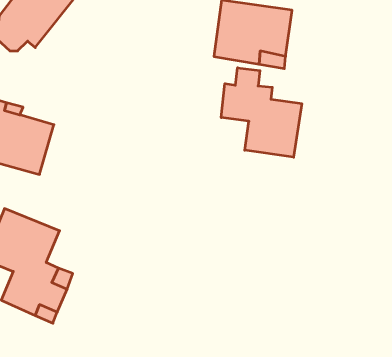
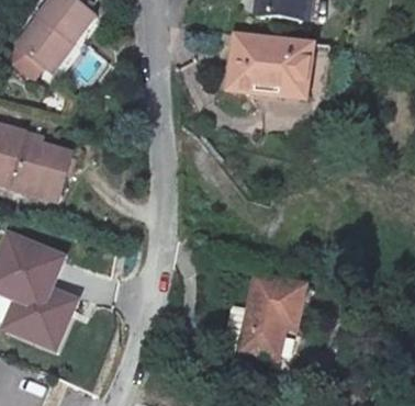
building: [221,68,302,157] -> none
building: none -> [221,270,306,357]

